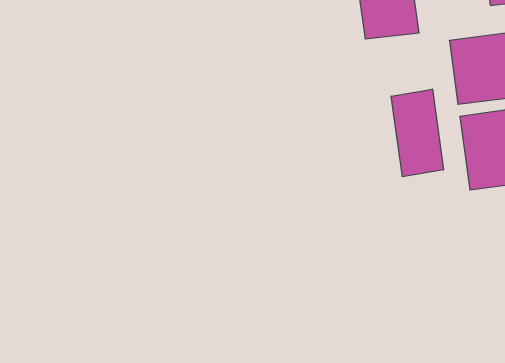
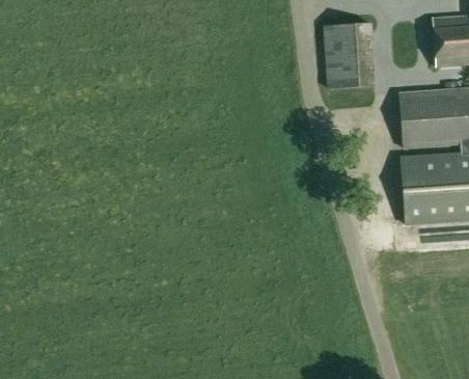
building: [391,89,443,177] -> none

